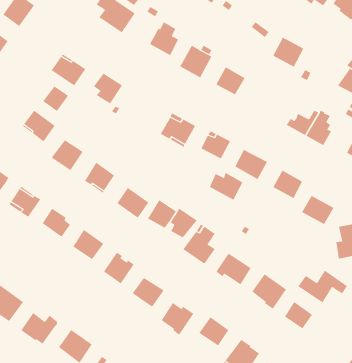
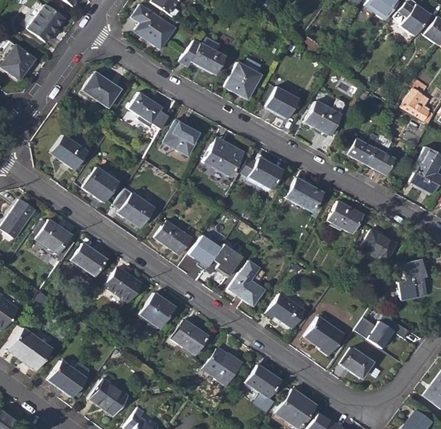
building: [273,37,304,67] -> [305,101,340,135]
building: [43,85,69,112] -> none
building: none -> [164,120,200,155]
building: [209,172,243,201] -> none

